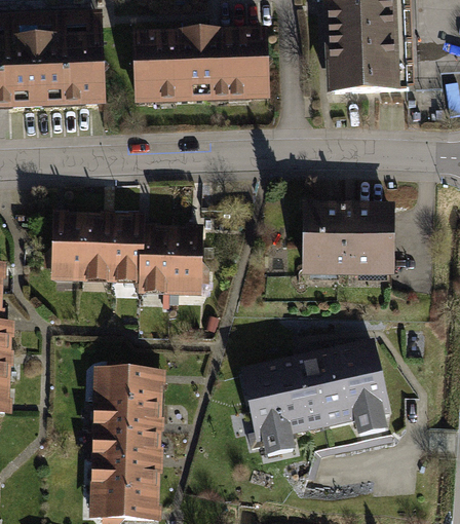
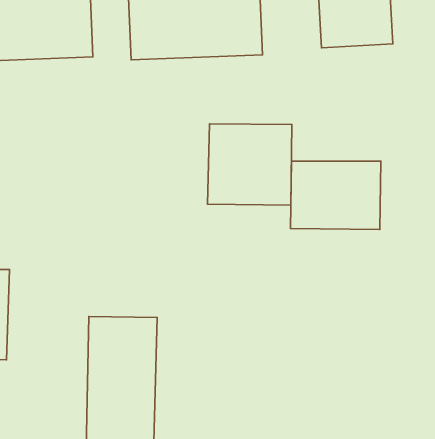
building: none -> [207,124,292,205]
building: [53,214,202,295] -> none
building: [234,339,390,461] -> none

